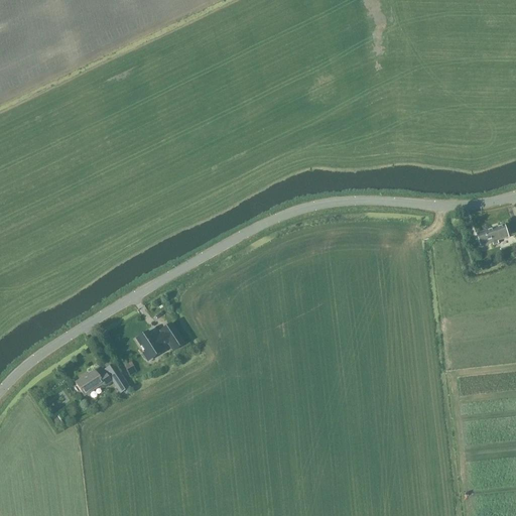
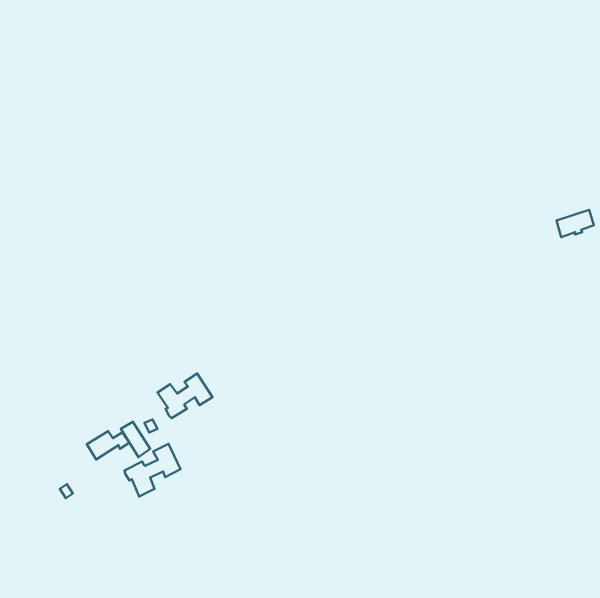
building: [477,223,509,246] -> [556,210,594,237]
building: none -> [125,444,180,496]

